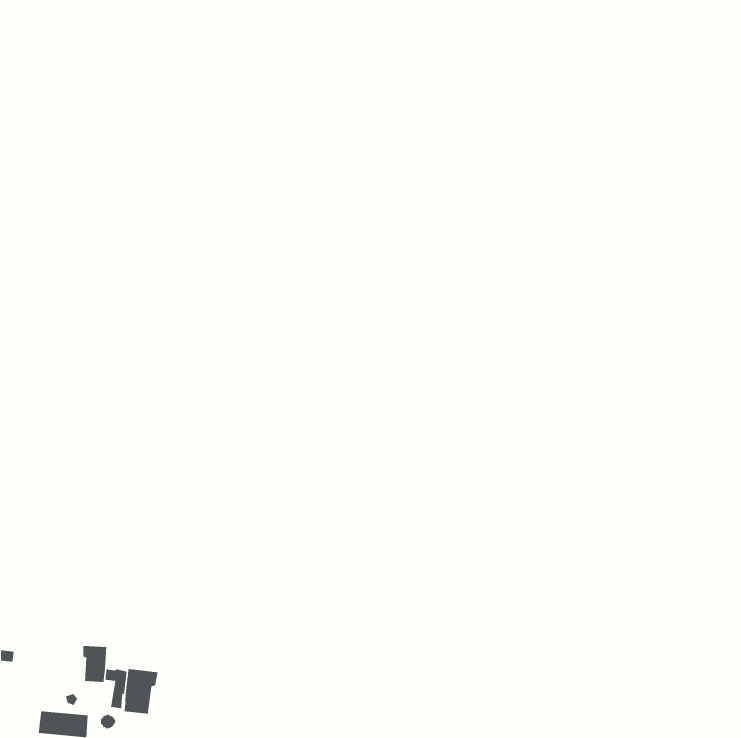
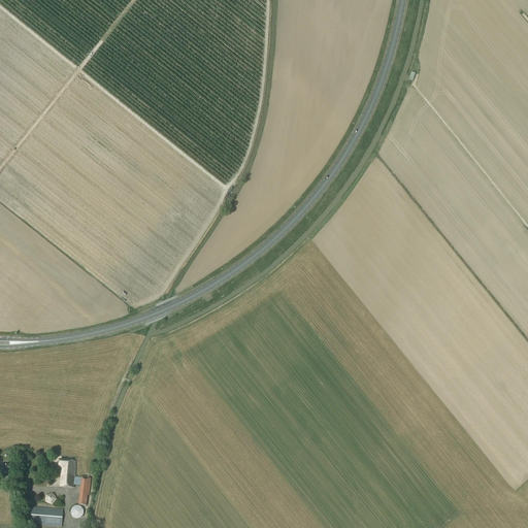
building: [123,668,158,715] -> none

